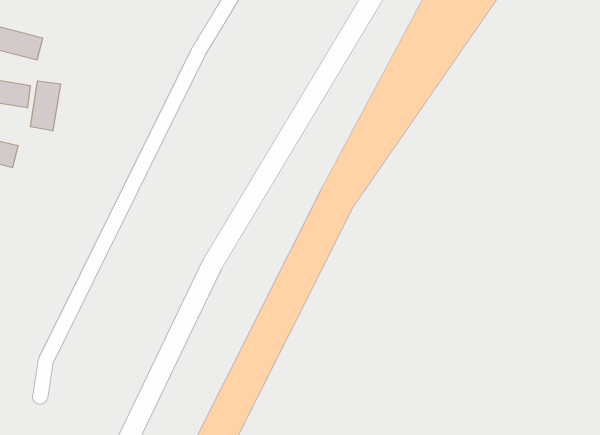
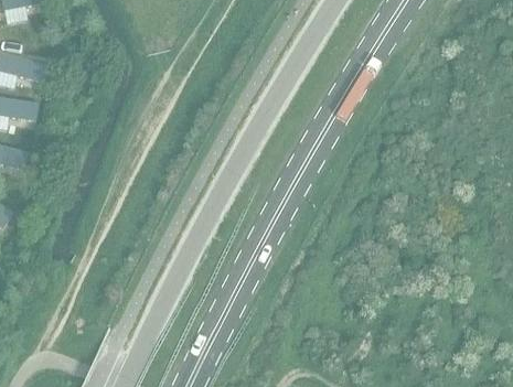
building: [31,81,60,131] -> none

